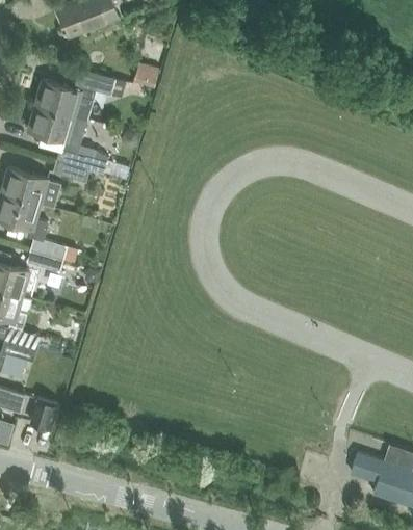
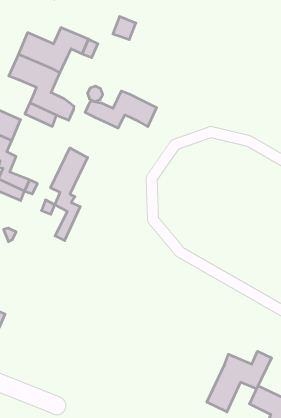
building: none -> [85,91,157,128]
building: none -> [51,148,88,241]
building: none -> [207,351,271,412]

